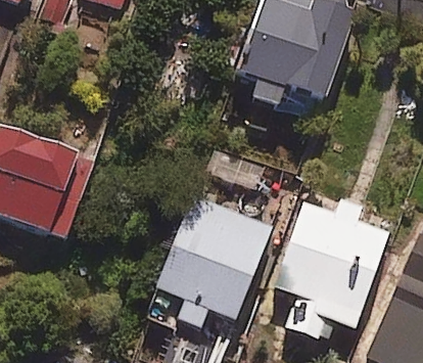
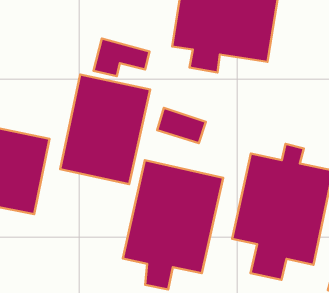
building: none -> [60,75,150,184]

